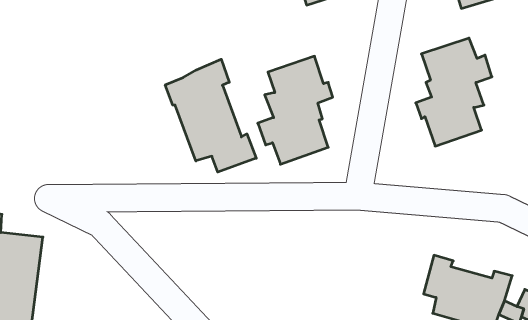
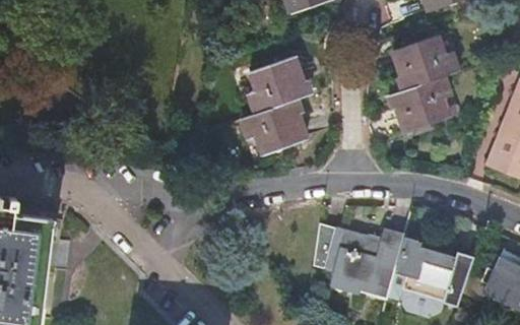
building: [165,59,256,172] -> none
building: none -> [315,220,403,288]

